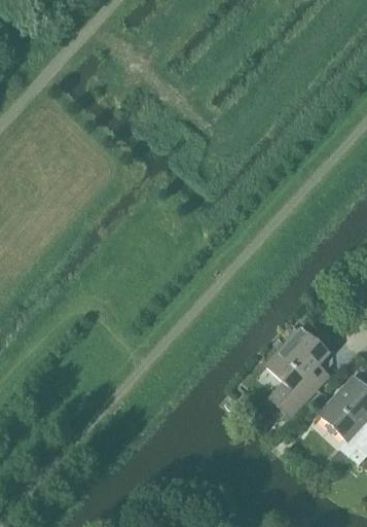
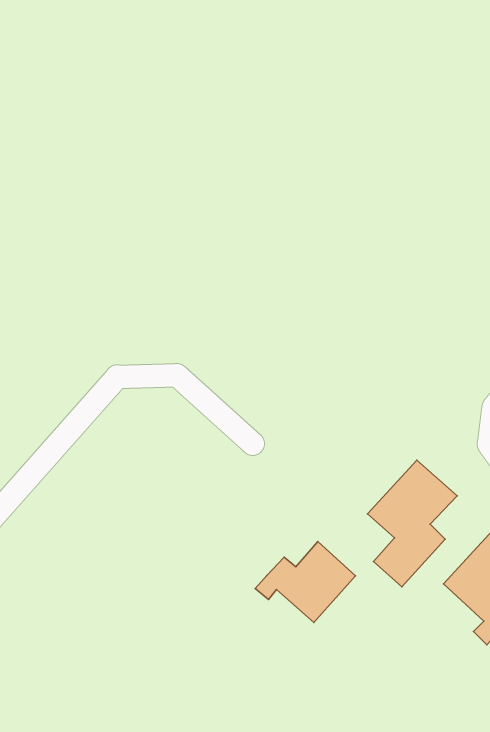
building: none -> [255,541,355,623]

